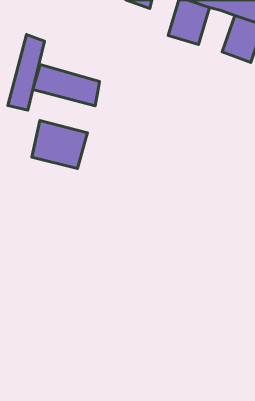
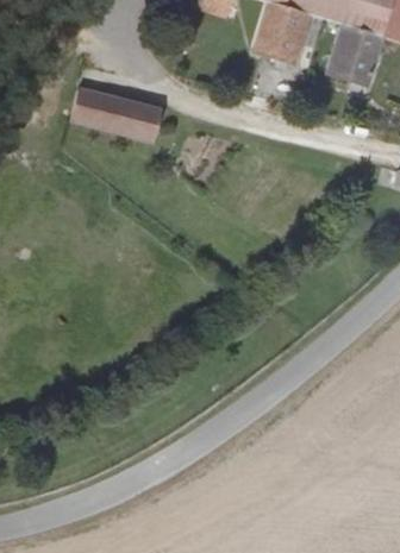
building: [8,34,45,110] -> none
building: [32,120,88,168] -> none

